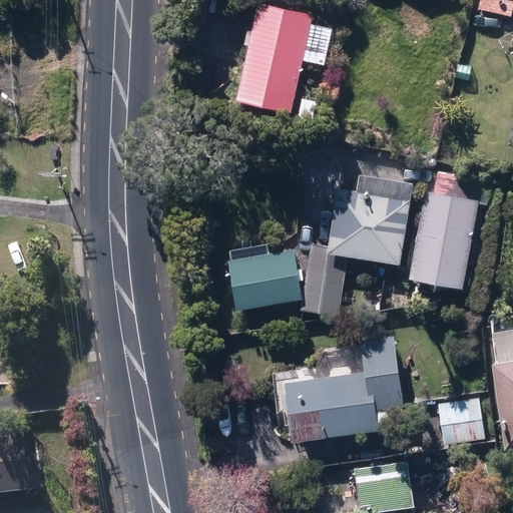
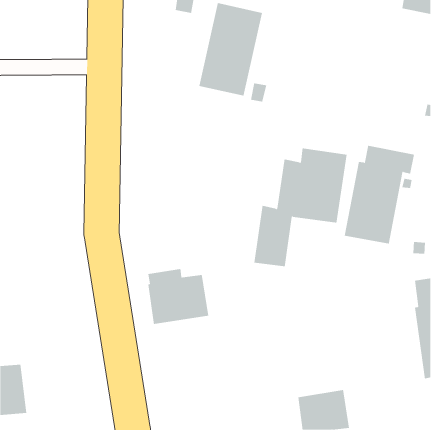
building: [227,243,301,310] -> [147,269,209,324]
building: [283,337,404,443] -> none
building: [438,398,483,441] -> none

